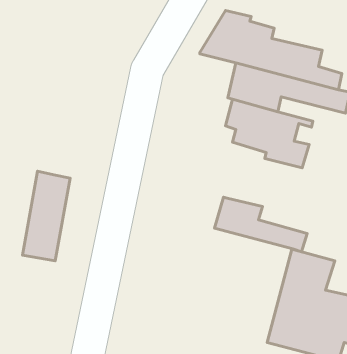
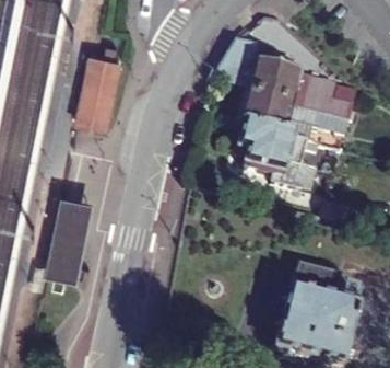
building: none -> [79,47,122,117]
building: [215,197,307,252] -> none

